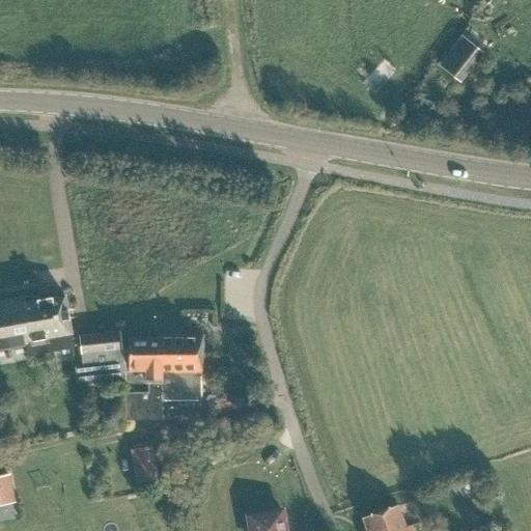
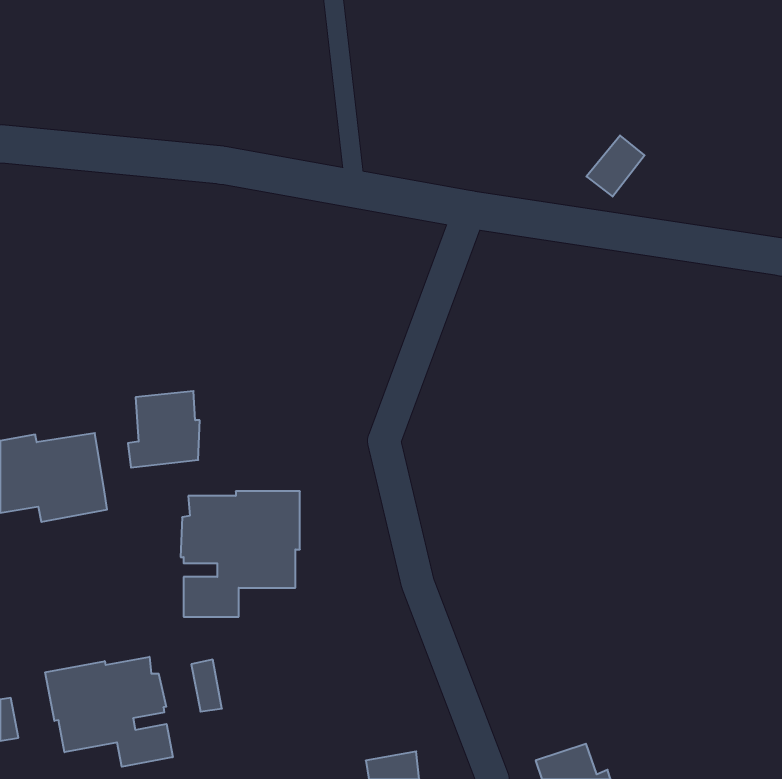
building: [442,37,481,79] -> [586,135,645,197]
building: [75,331,123,383] -> [128,391,200,468]
building: none -> [45,657,173,767]

